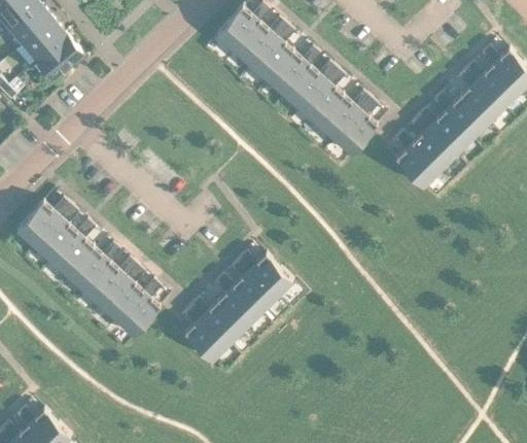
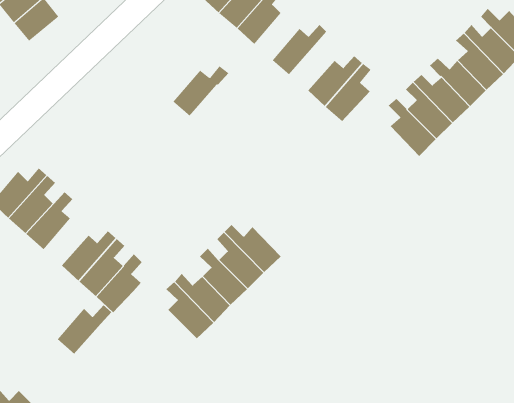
building: [266,46,319,95] -> [173,66,229,117]
building: [298,68,343,124] -> none
building: [66,242,118,289] -> [57,304,112,354]

